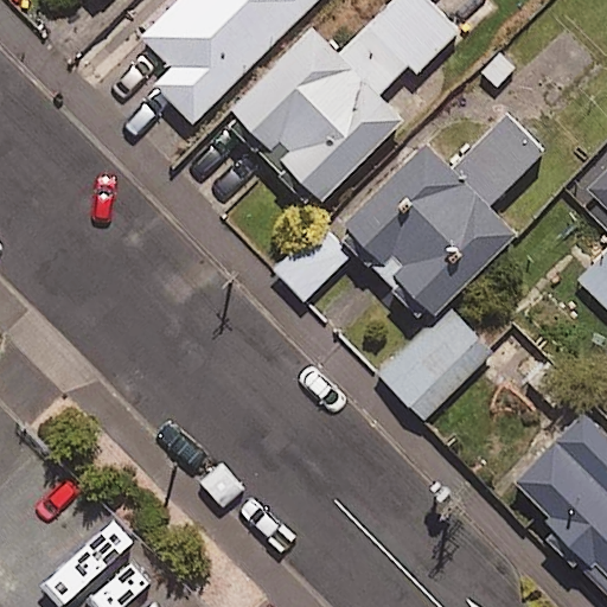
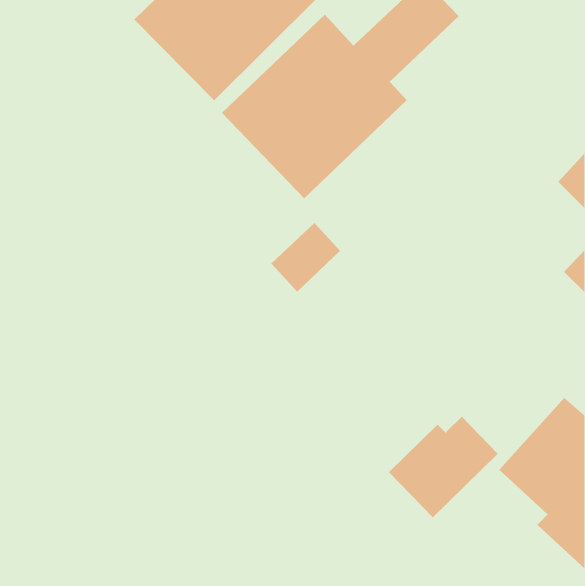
building: [343,113,548,321] -> none
building: [378,314,492,420] -> [388,416,499,518]

